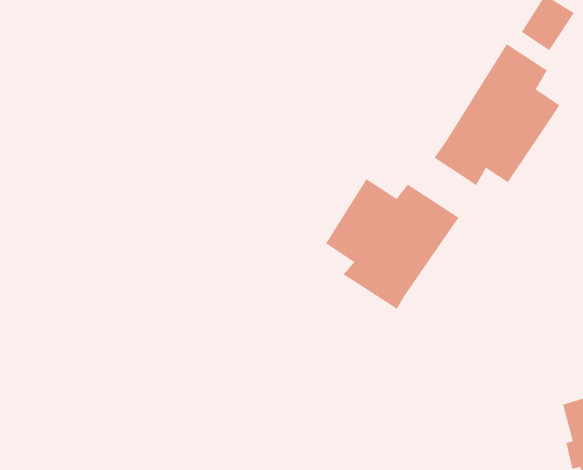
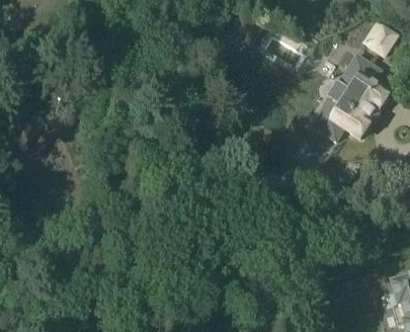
building: [325,178,460,310] -> none

